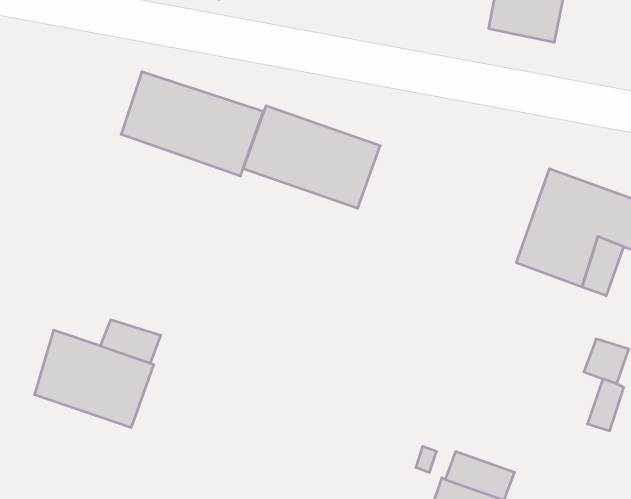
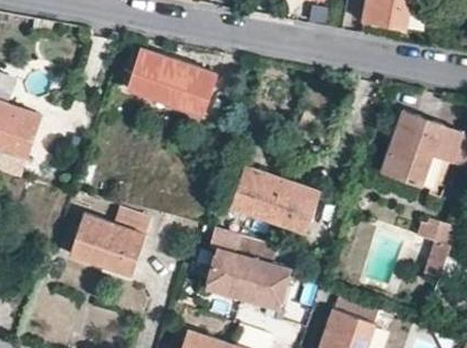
building: [243,106,380,208] -> [230,166,318,232]
building: none -> [206,236,292,310]

